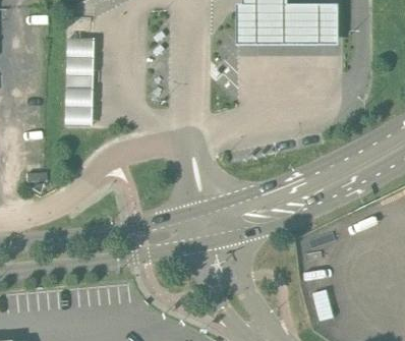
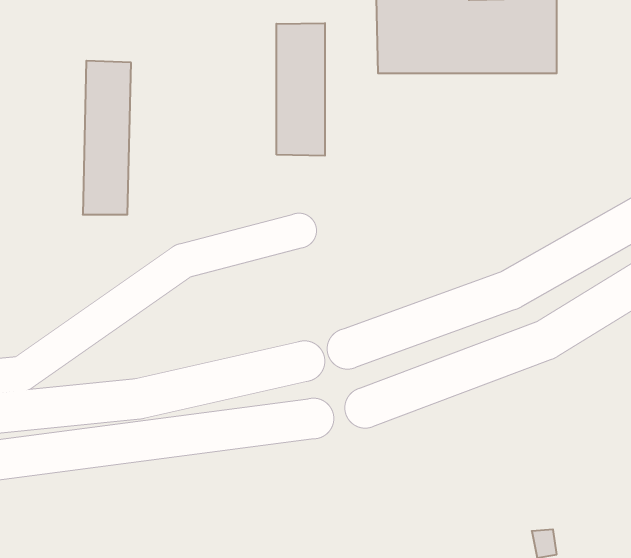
building: none -> [276,23,325,156]

